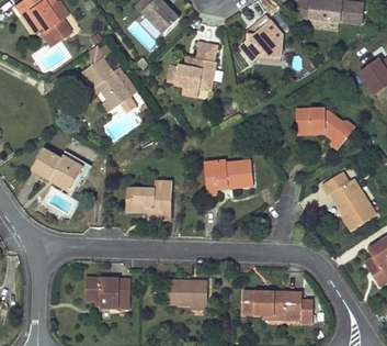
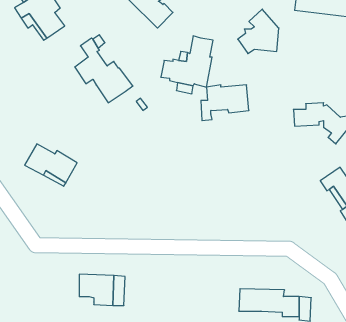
building: [206,159,253,194] -> [201,85,249,121]
building: [126,180,172,219] -> none
building: [164,279,208,304] -> none

